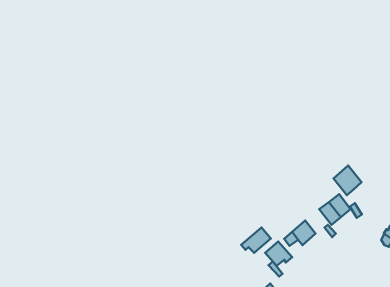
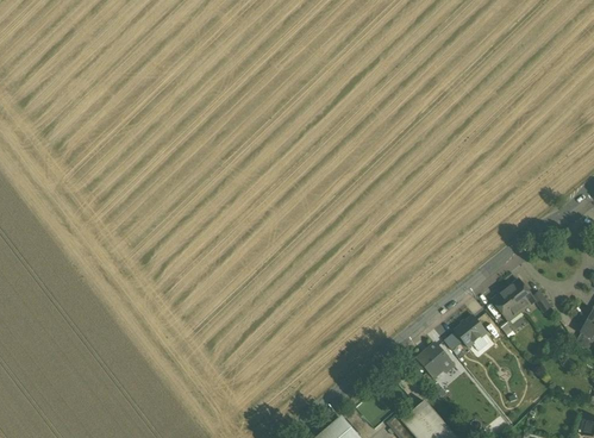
building: [334,166,362,195] -> none
building: [241,228,271,253] -> none

